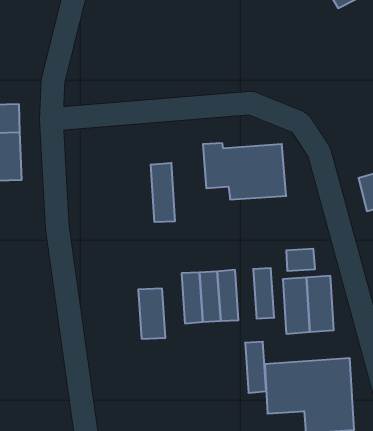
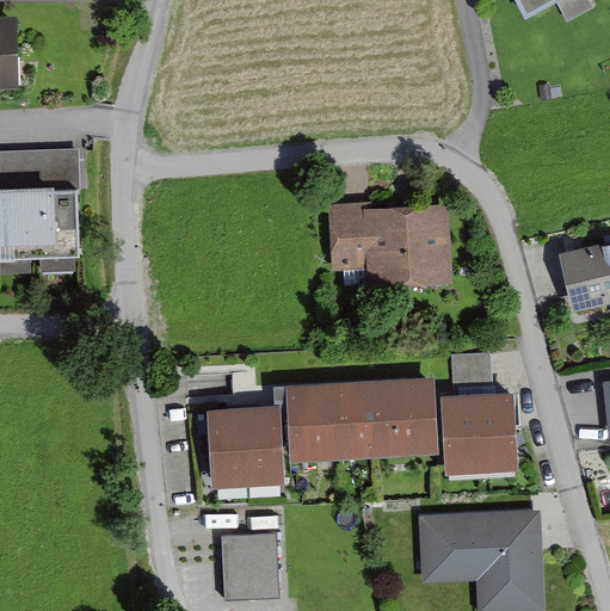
building: [151,163,175,222] -> none
building: none -> [278,388,308,459]
building: none -> [210,411,247,482]
building: [245,342,266,393] -> [378,382,408,453]
building: none -> [215,531,272,599]

